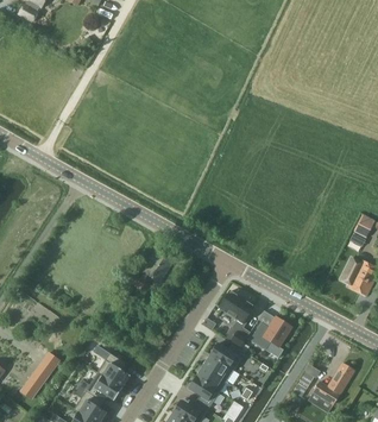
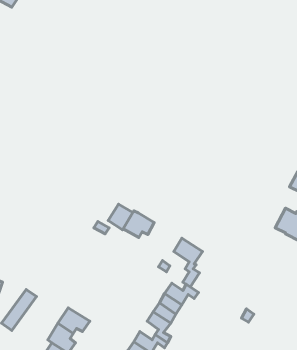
building: none -> [123,211,154,238]
building: [251,316,291,349] -> none
building: [97,353,131,388] -> none
building: [313,363,354,404] -> none

